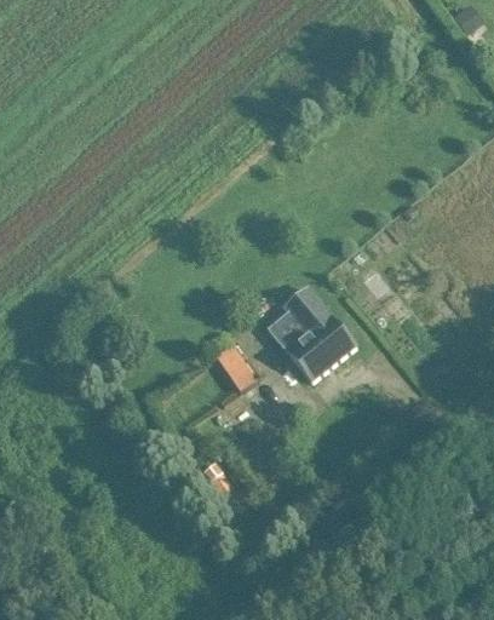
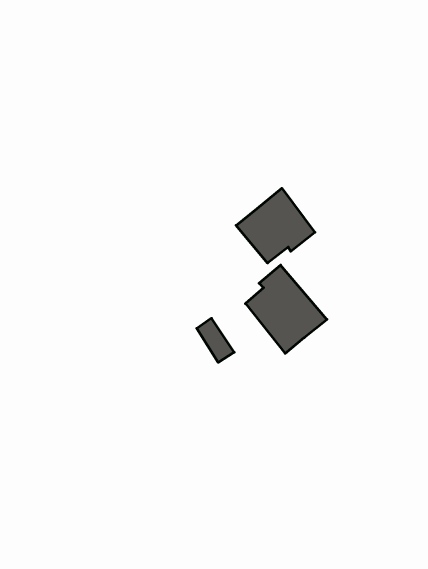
building: none -> [236,188,315,263]

